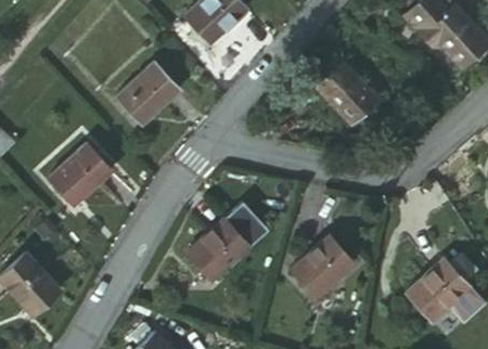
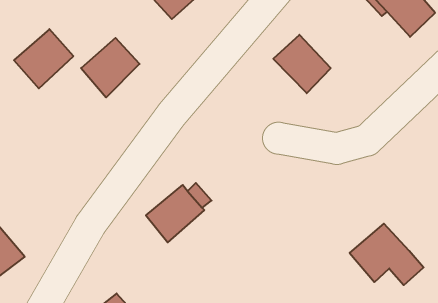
building: [47,144,108,206] -> [14,29,73,88]
building: [292,236,356,299] -> none

